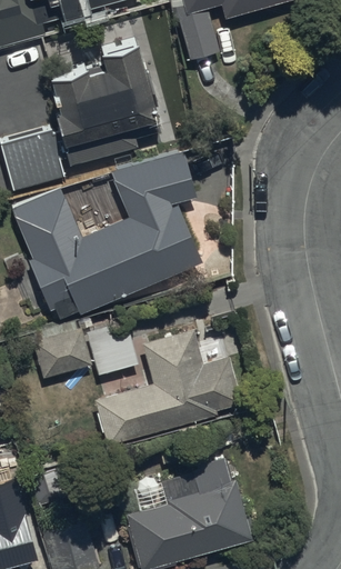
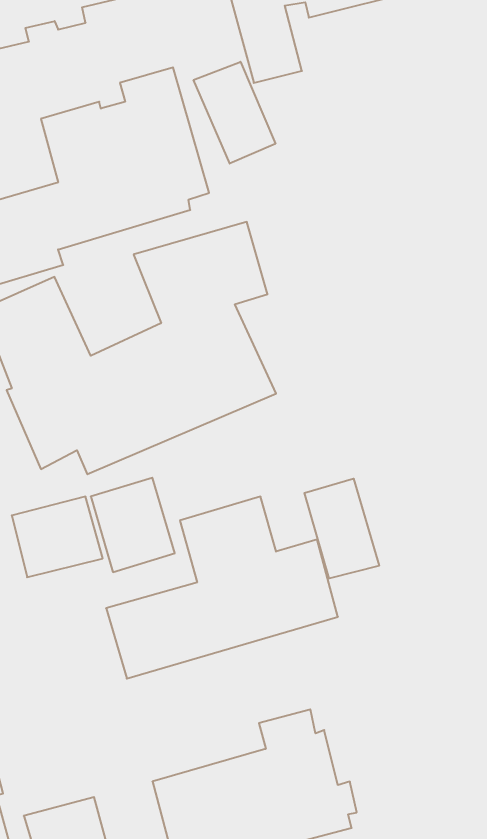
building: none -> [194,62,275,164]
building: none -> [304,479,379,578]

